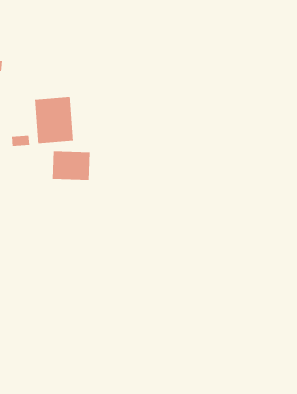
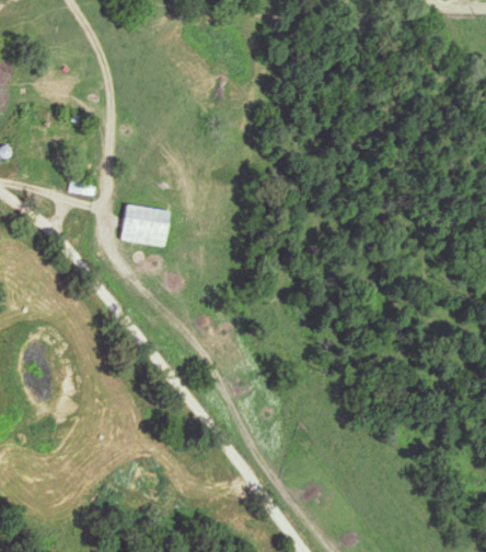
building: [35,96,73,144] -> none

